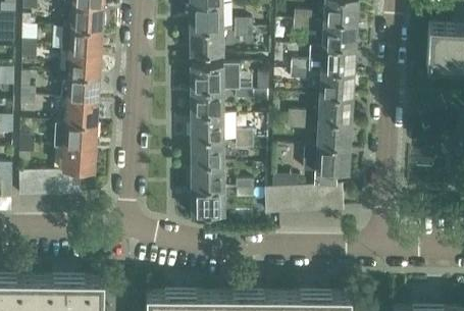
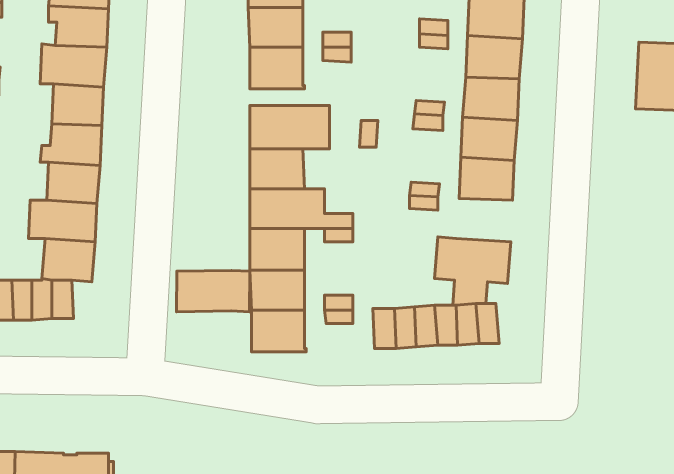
building: [316,123,351,150] -> none
building: none -> [176,270,250,312]

